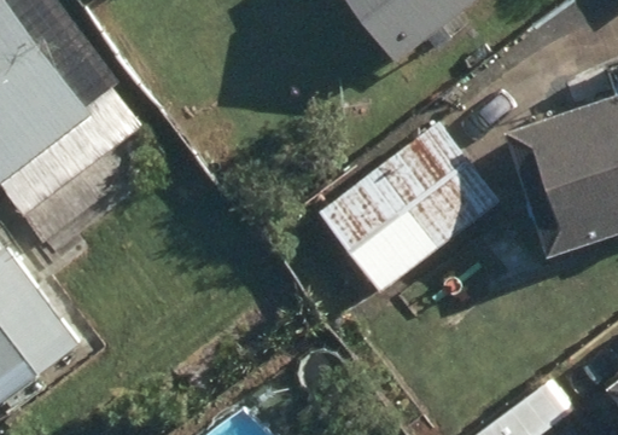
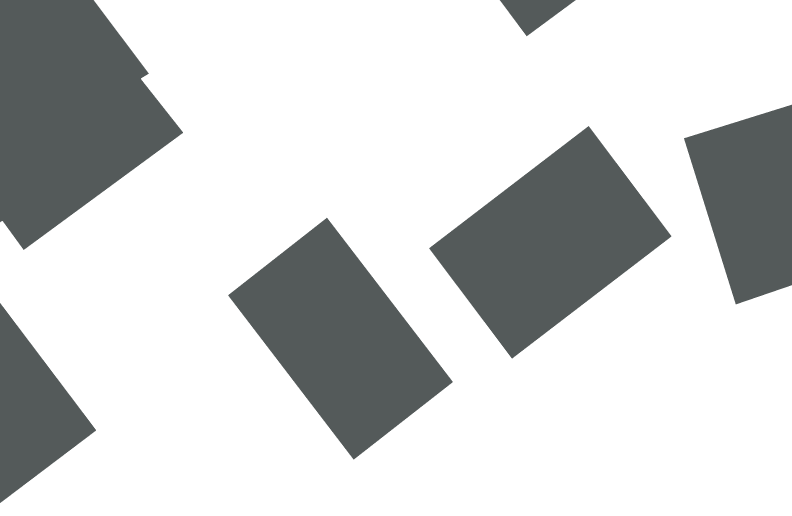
building: none -> [227,217,454,461]

